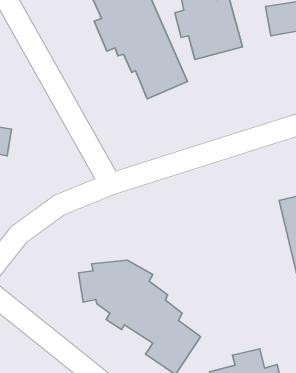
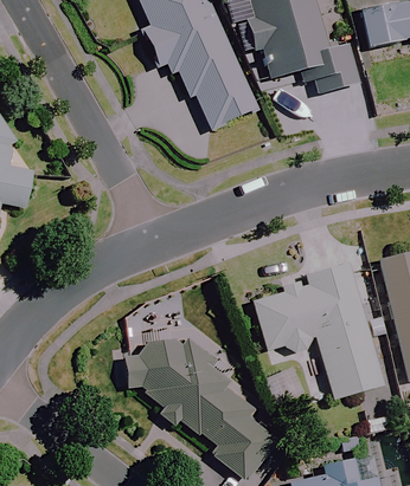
building: none -> [254,259,384,397]

